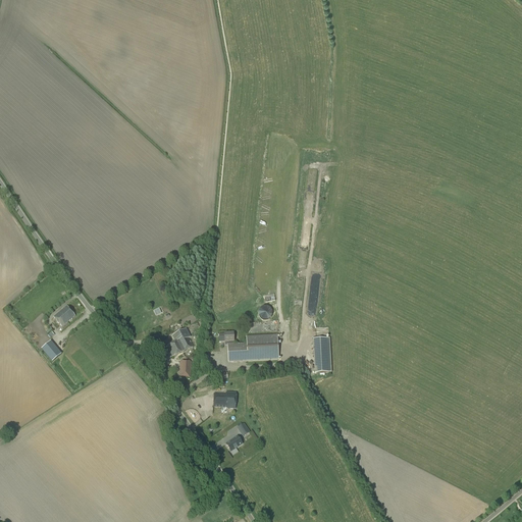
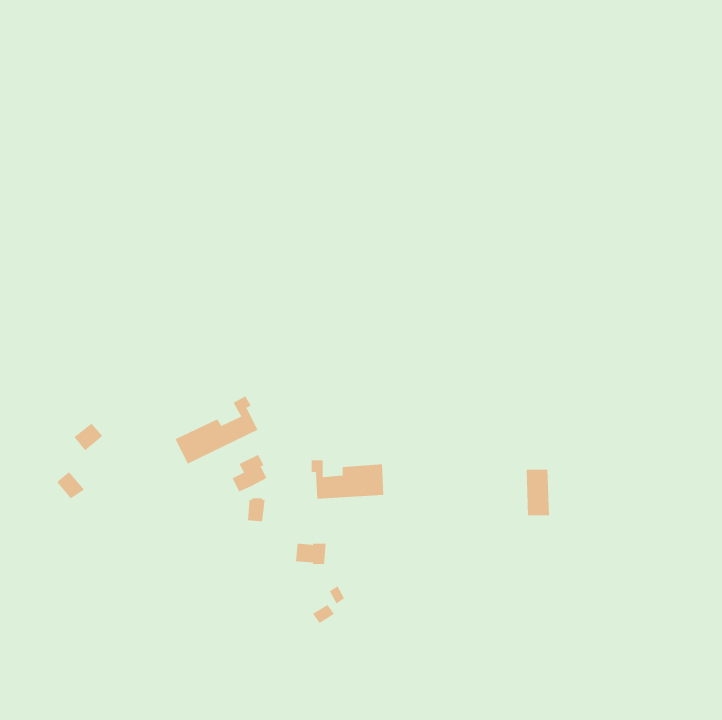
building: none -> [175,396,258,464]
building: [313,337,330,371] -> [526,469,550,516]

